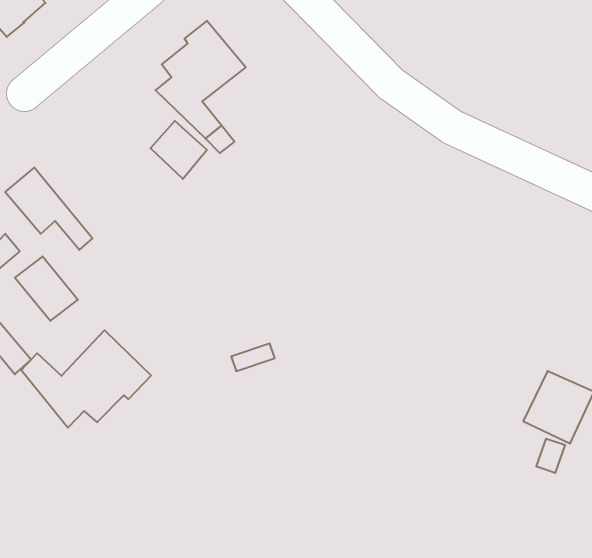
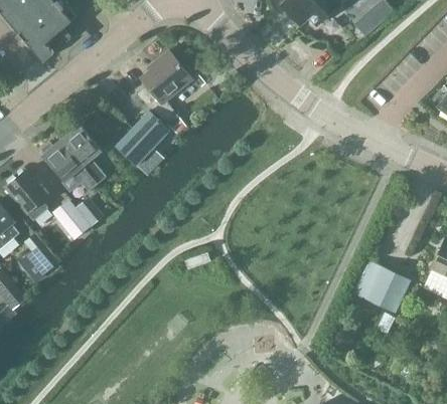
building: none -> [60,126,107,187]
building: none -> [116,131,153,168]
building: [21,330,151,428] -> none

